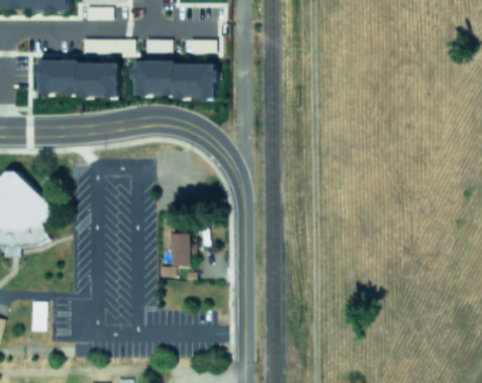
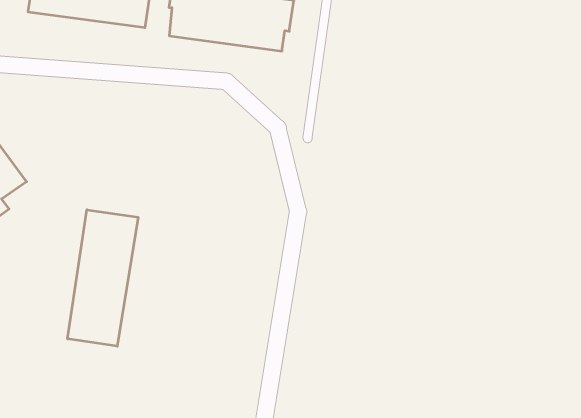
building: none -> [68,210,138,346]
building: [171,233,189,266] -> none

